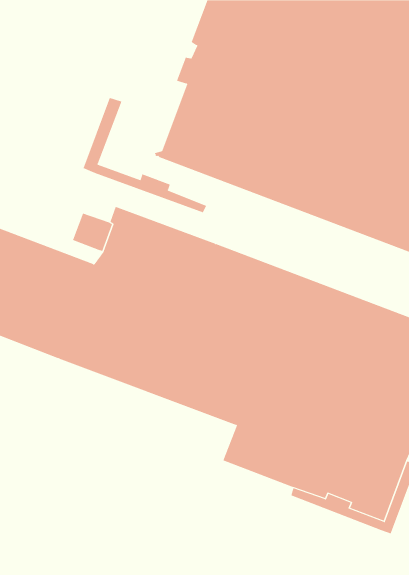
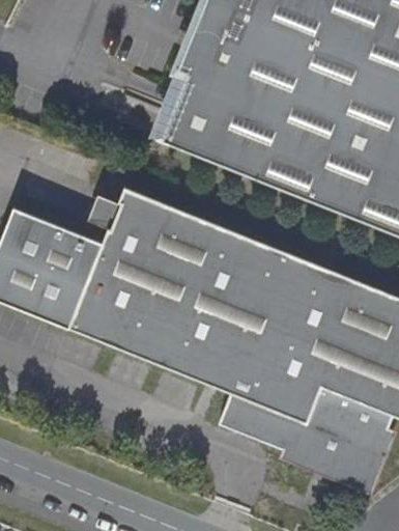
building: [83,97,207,213] -> none

